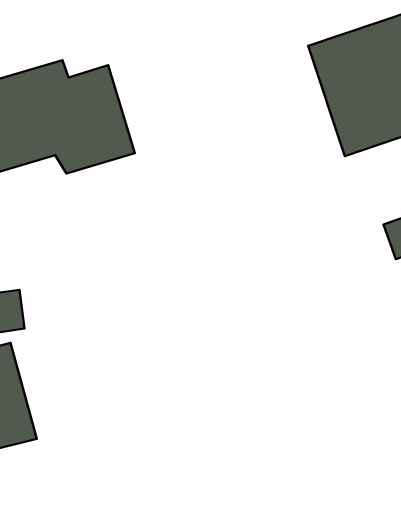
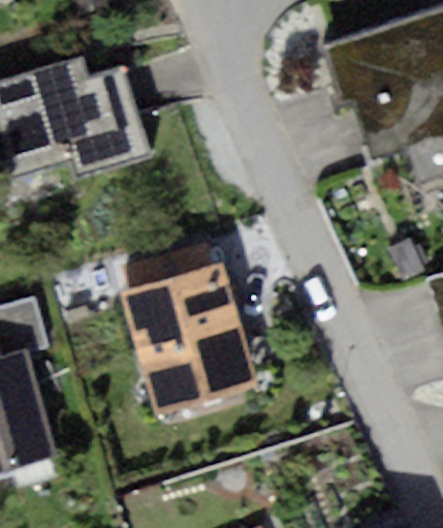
building: none -> [117,258,258,408]

